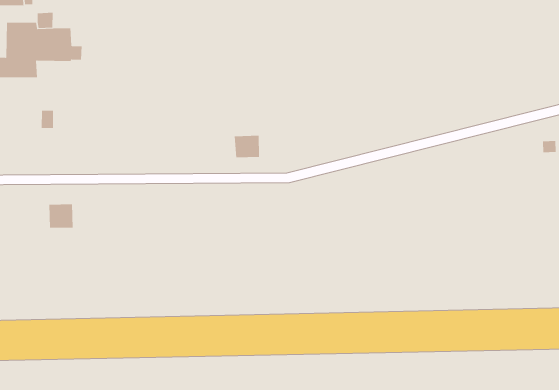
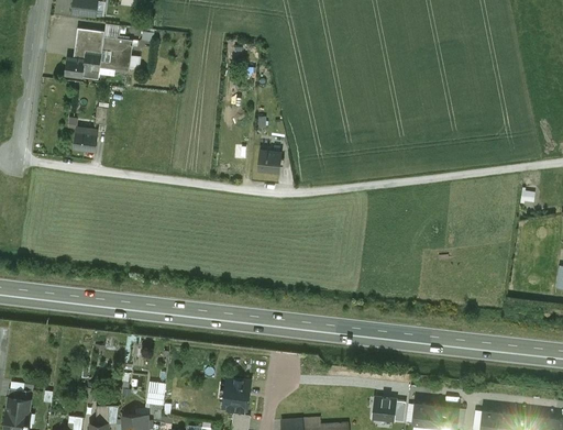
building: [49,204,74,228] -> [74,129,97,152]

